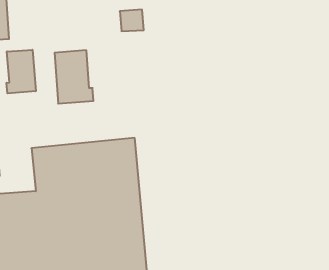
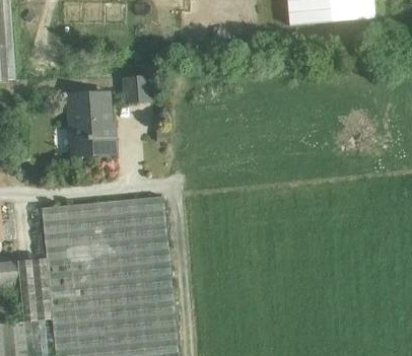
building: [120,10,144,31] -> [123,76,151,101]
building: [7,50,36,93] -> none

